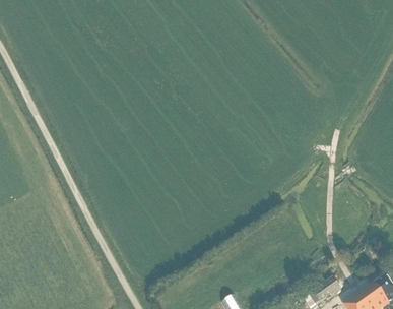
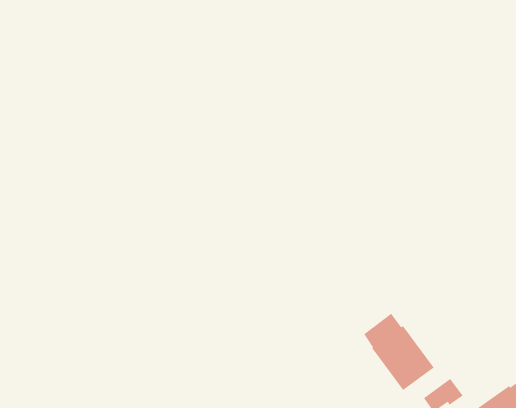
building: none -> [363,313,435,391]

